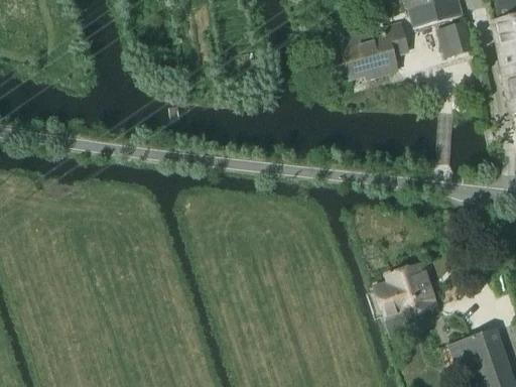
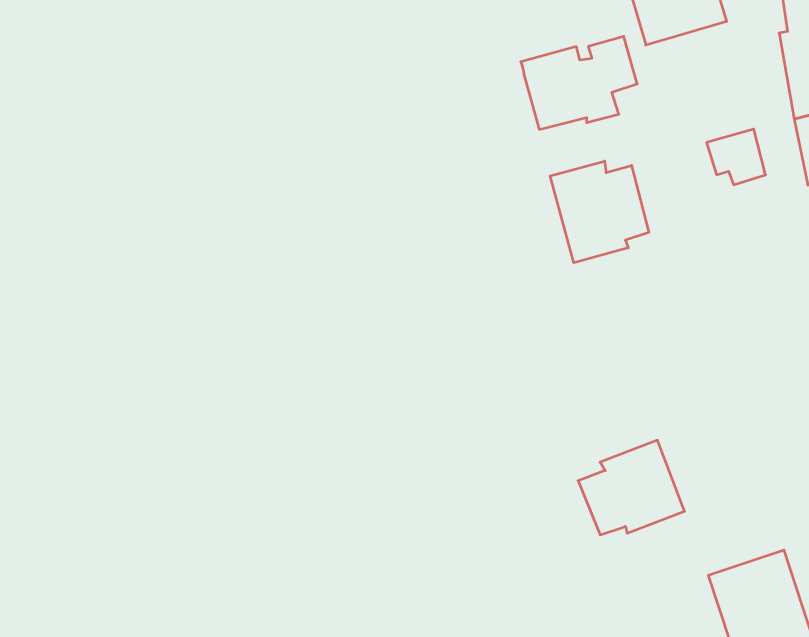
building: [437,20,473,53] -> [707,129,766,185]
building: none -> [550,161,649,263]

